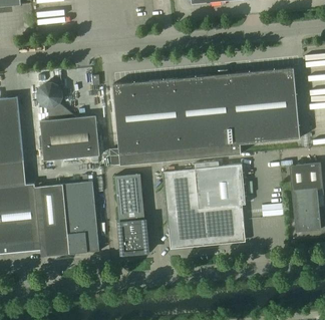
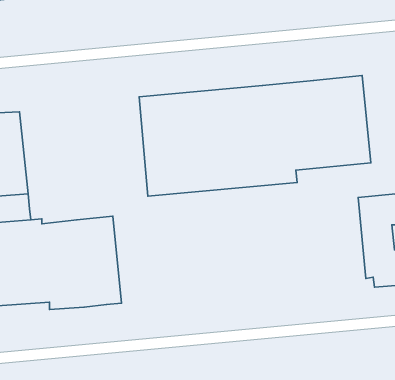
building: [37,79,99,161] -> none
building: [164,164,246,247] -> none
building: [114,173,150,256] -> none

